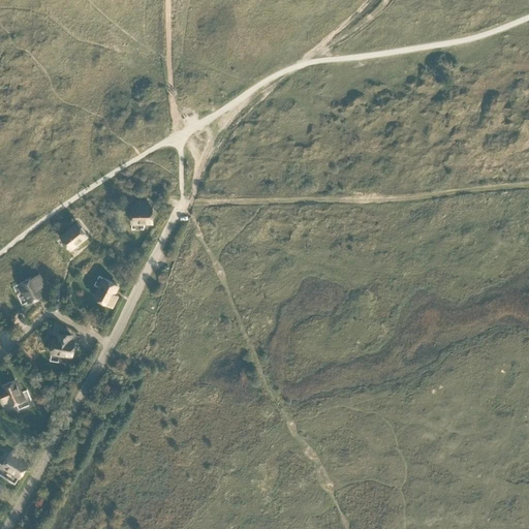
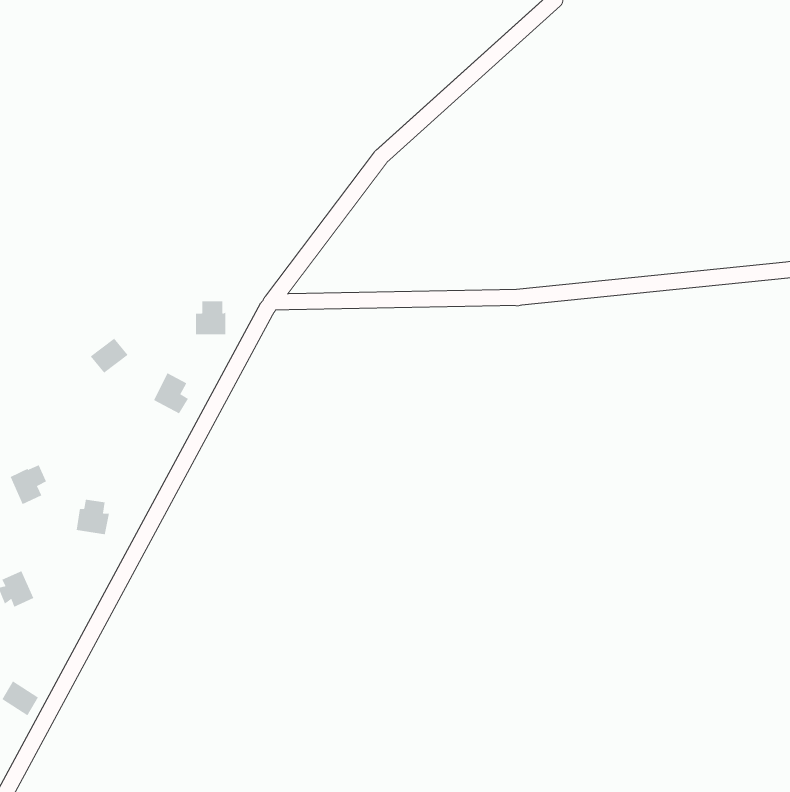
building: [20,275,44,302] -> [10,465,47,505]
building: [94,279,118,307] -> [153,372,189,414]

